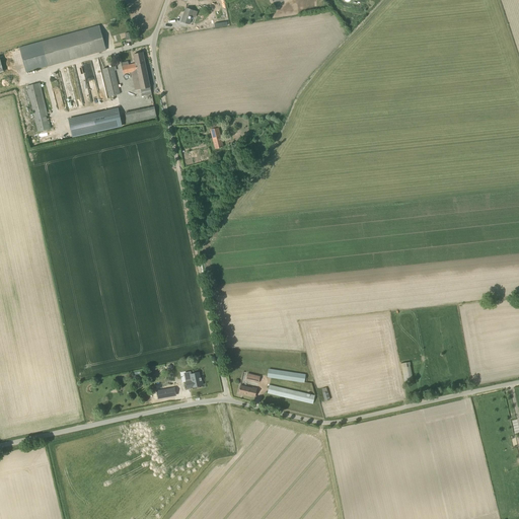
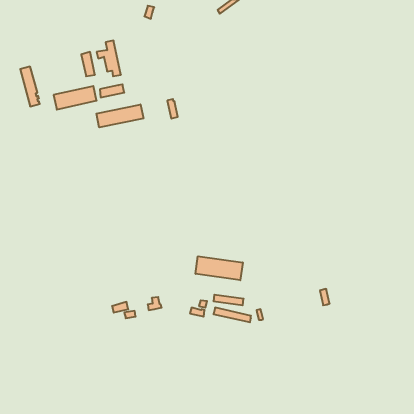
building: [18,25,104,71] -> none
building: none -> [96,104,143,127]
building: none -> [196,256,243,280]

